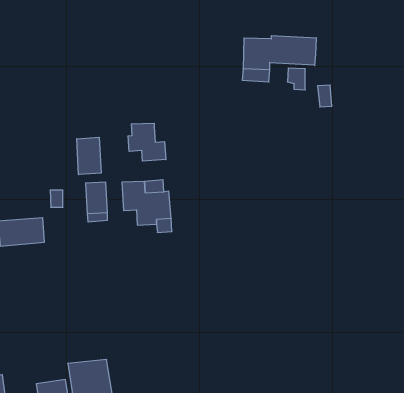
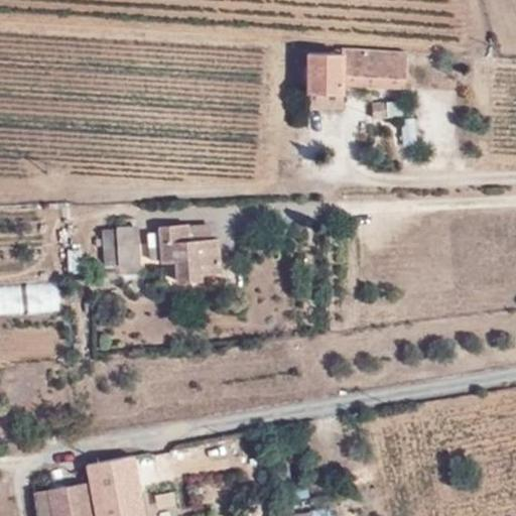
building: [128,123,166,161] -> none
building: [77,137,101,175] -> none

